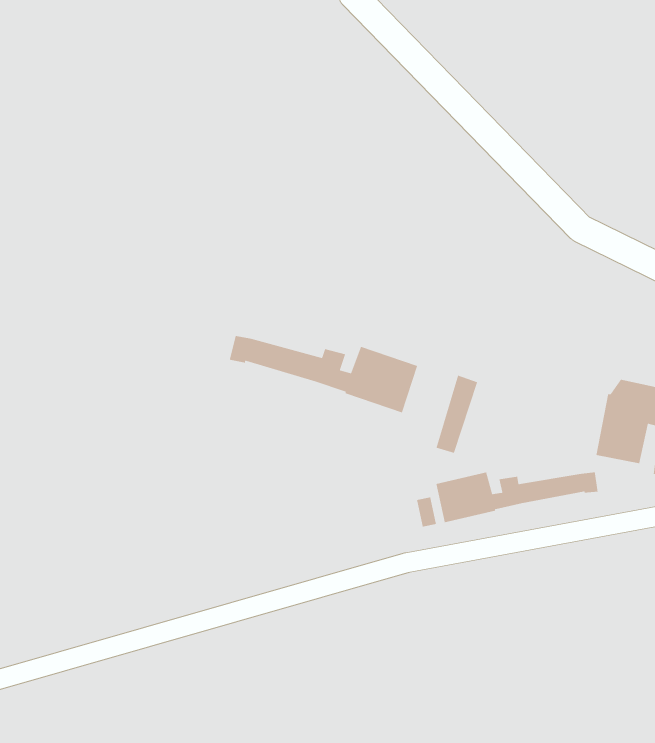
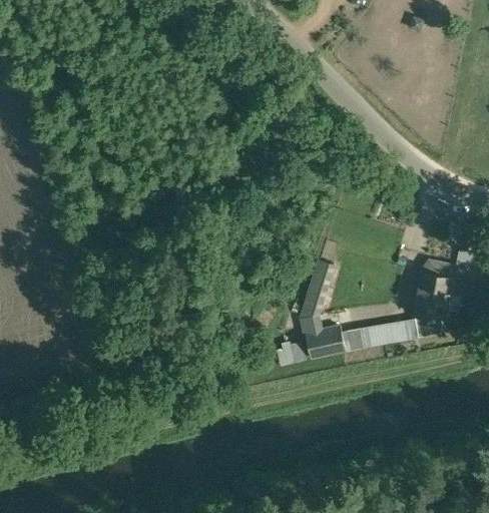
building: [229,335,418,414] -> none

